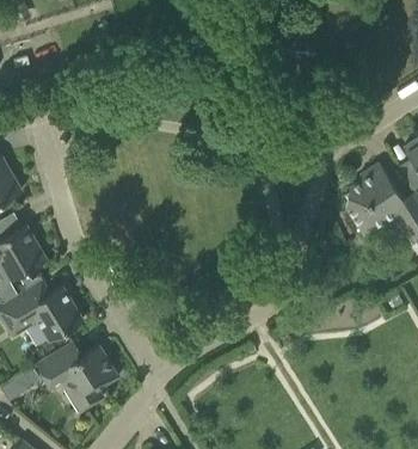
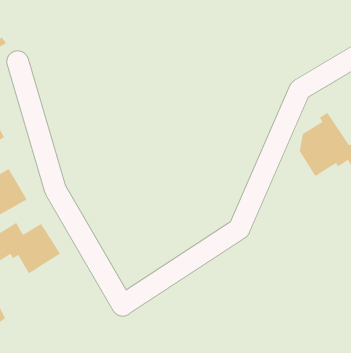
building: [36,343,118,413] -> none

